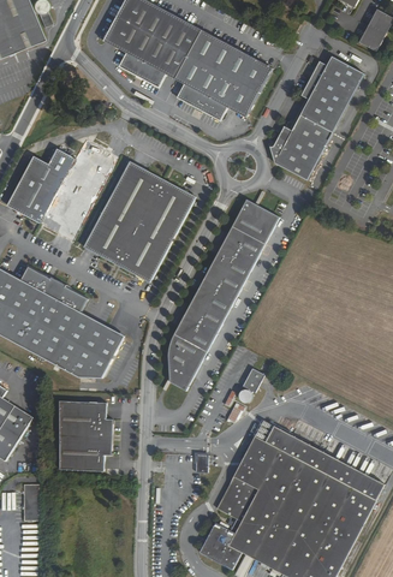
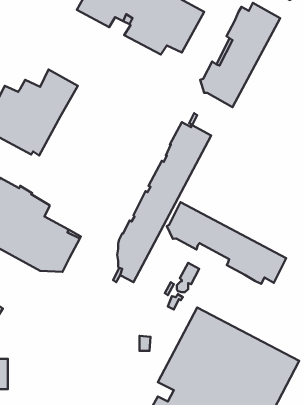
building: [85,161,196,280] -> none
building: none -> [167,202,286,284]
building: [56,399,114,469] -> none

